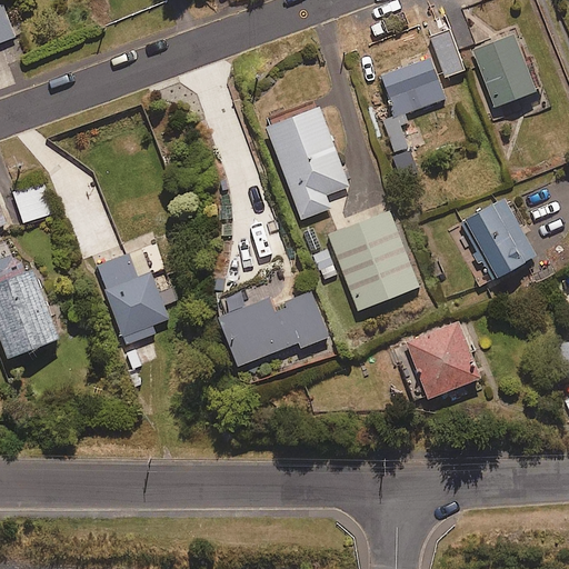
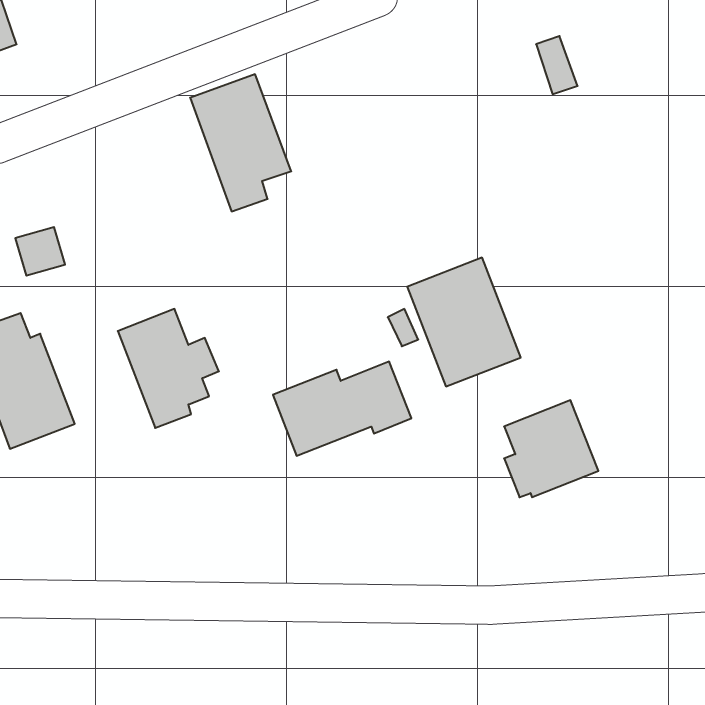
building: [471,33,542,117] -> none
building: [378,56,445,151] -> none
building: [267,108,348,218] -> [190,74,291,211]
building: [459,198,555,282] -> none

